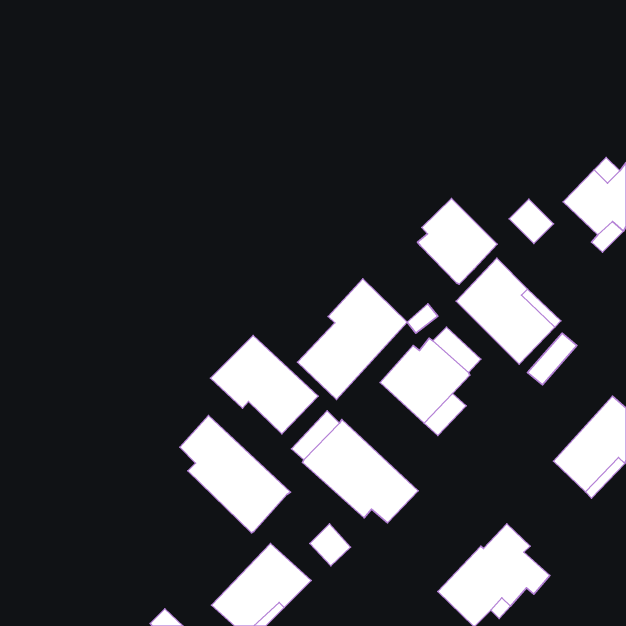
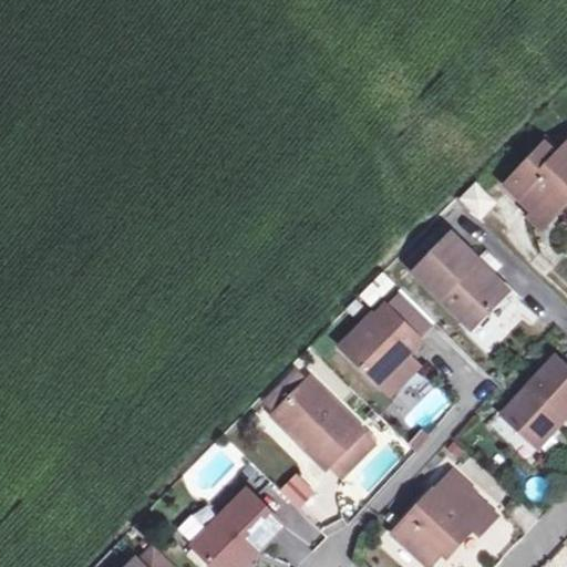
building: [417,198,497,284] -> none
building: [297,279,407,399] -> none
building: [211,336,318,434] -> none
building: [180,415,290,533] -> none

